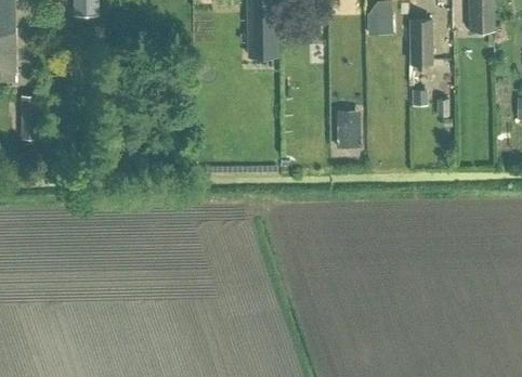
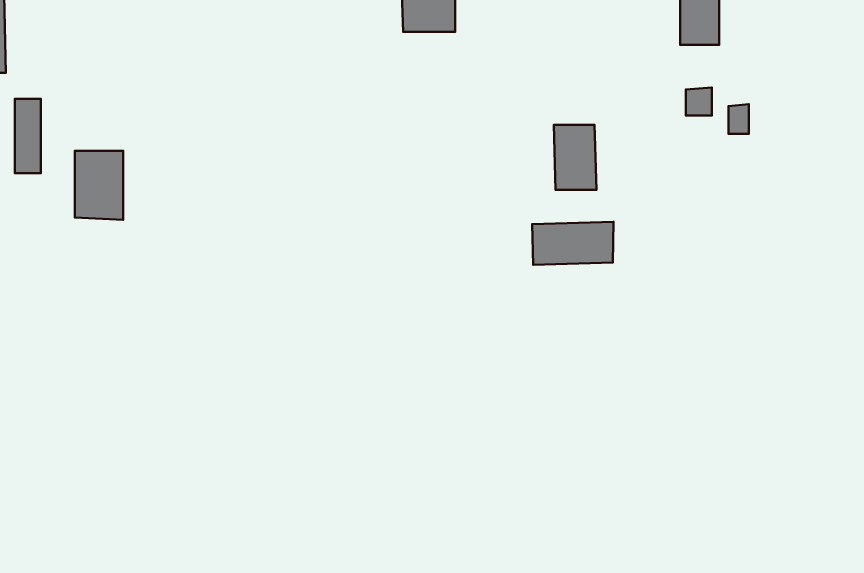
building: none -> [75,151,123,220]
building: none -> [532,222,614,265]

